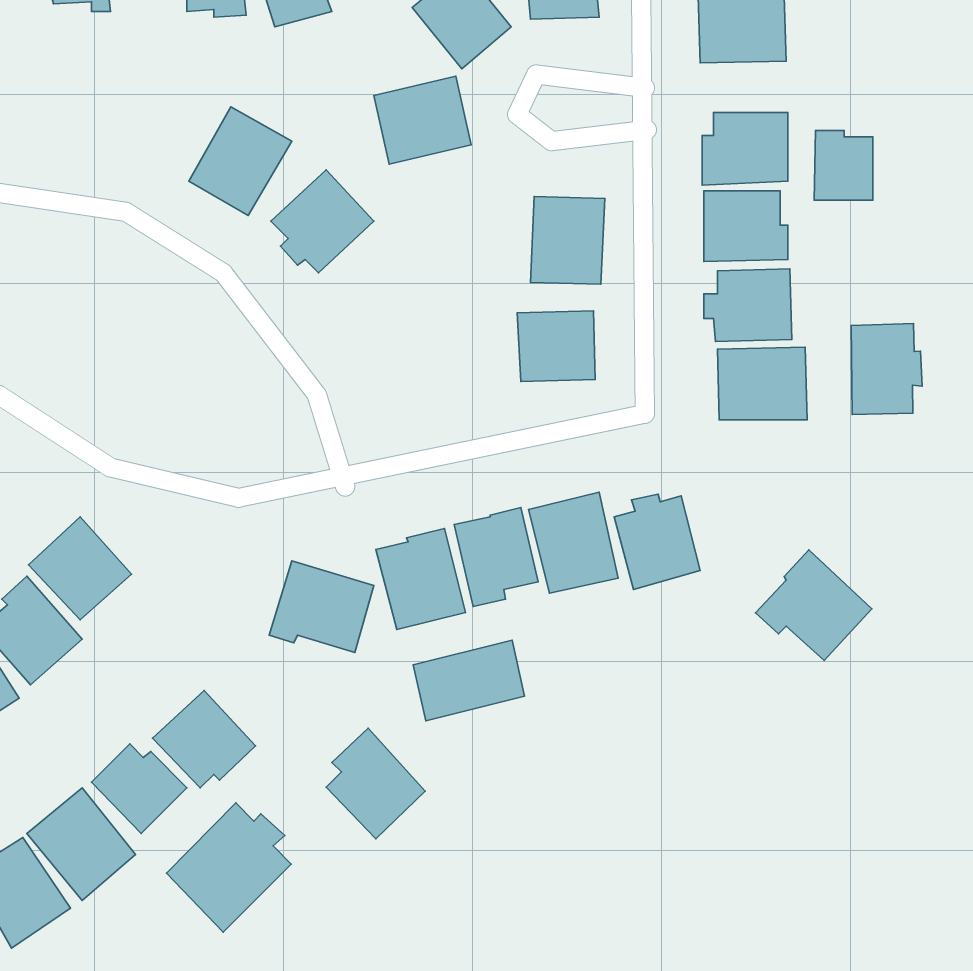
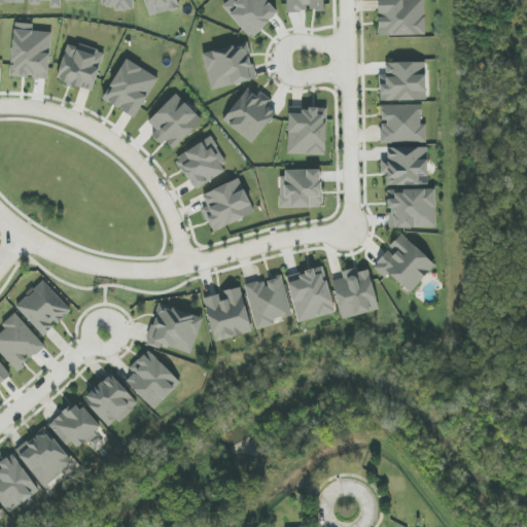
building: none -> [10,22,50,77]
building: none -> [57,42,103,89]
building: [814,131,873,200] -> none
building: none -> [221,85,275,142]
building: none -> [174,135,229,188]
building: [851,323,922,414] -> none
building: none -> [202,176,253,230]
building: [756,550,872,660] -> [372,232,434,291]
building: [413,640,525,721] -> none
building: [326,728,425,839] -> [126,348,179,408]
building: [166,803,291,932] -> none

